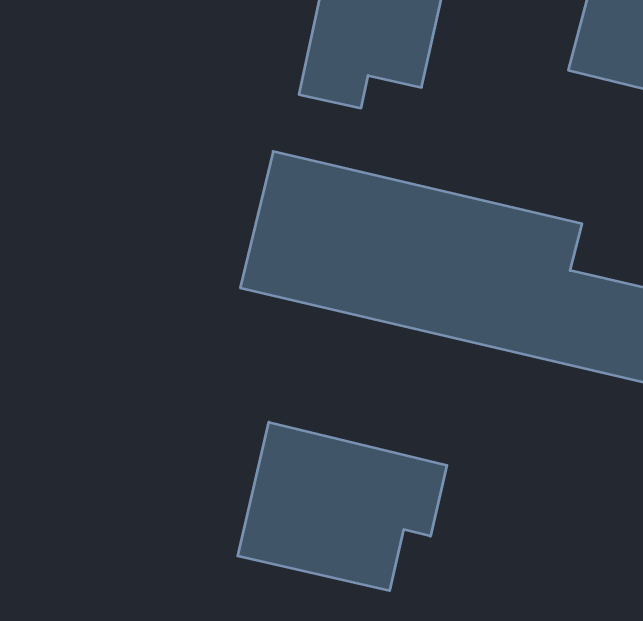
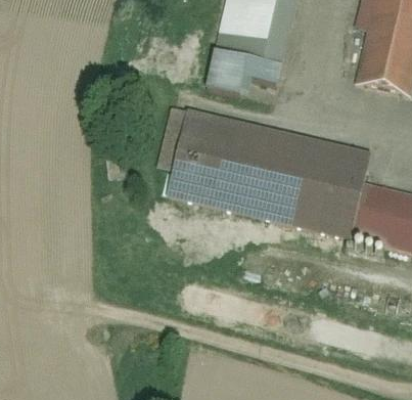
building: [238,422,447,591] -> none

